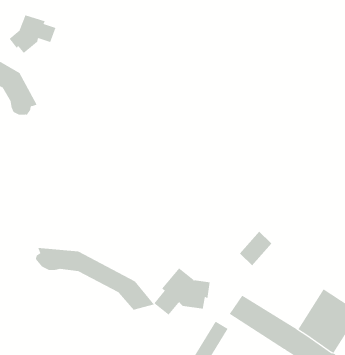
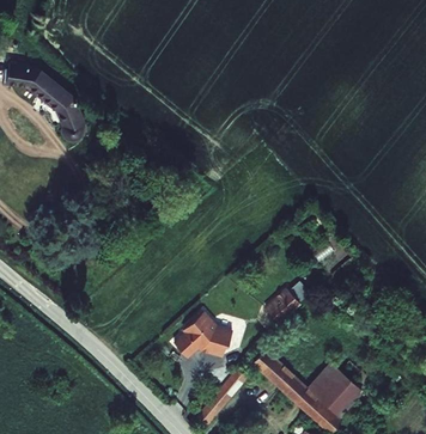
building: [9,14,56,54] -> none
building: [35,247,155,311] -> none

